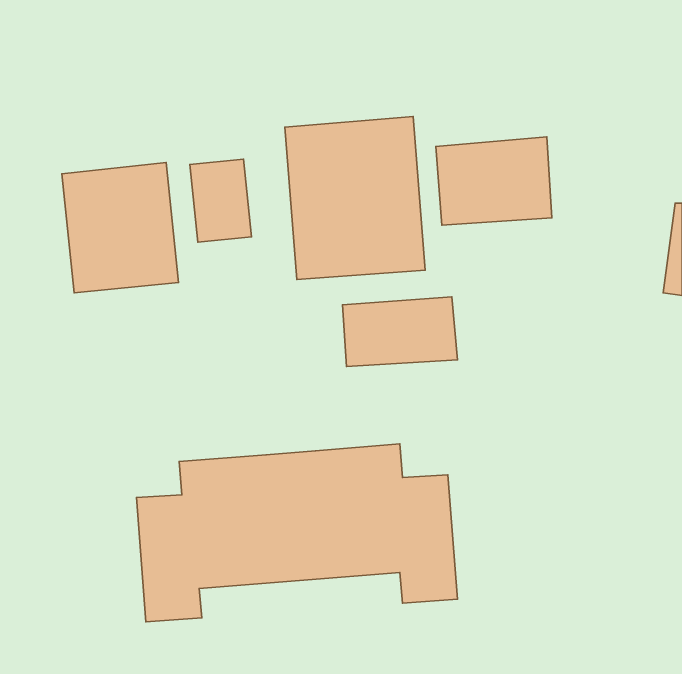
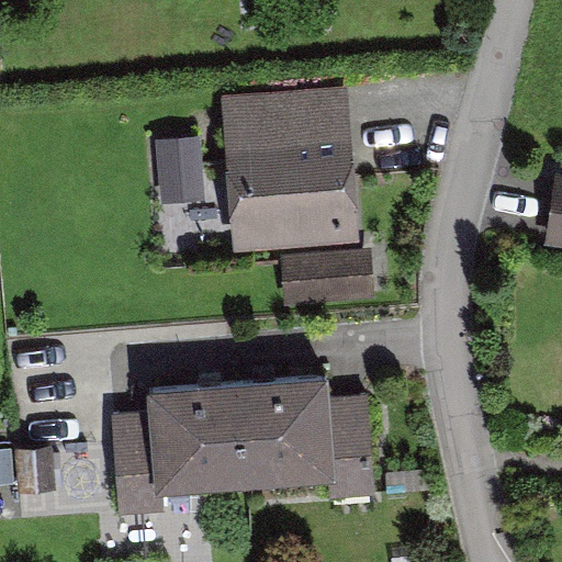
building: [436,137,552,225] -> none
building: [62,163,179,293] -> none

